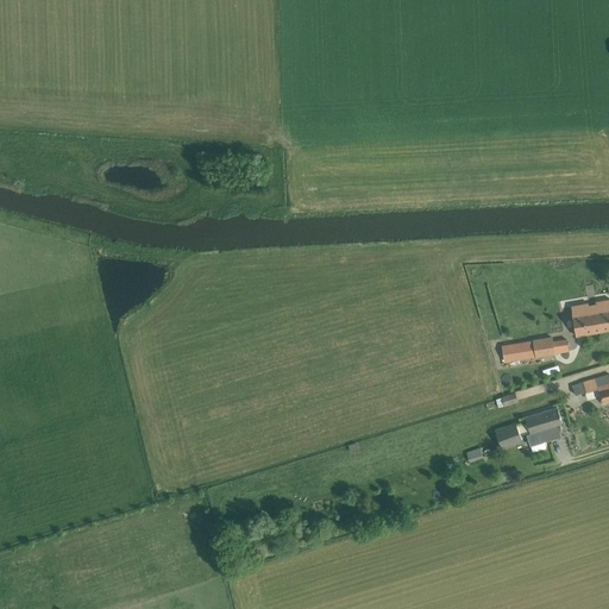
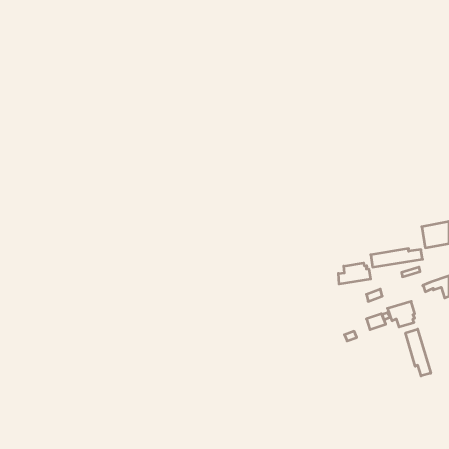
building: none -> [338,263,371,284]
building: none -> [406,329,431,376]

